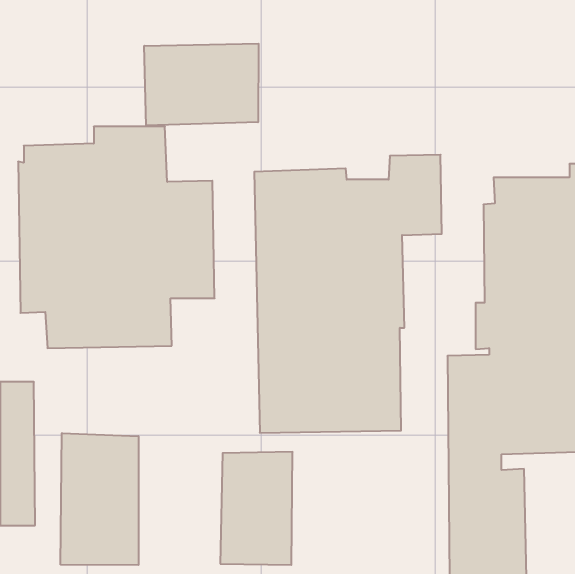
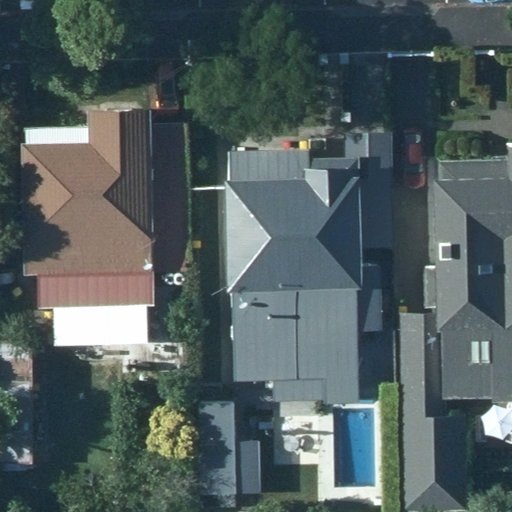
building: [144,44,259,126] -> none
building: [61,433,138,565] -> none

